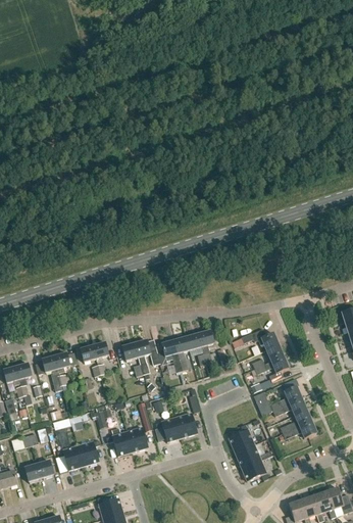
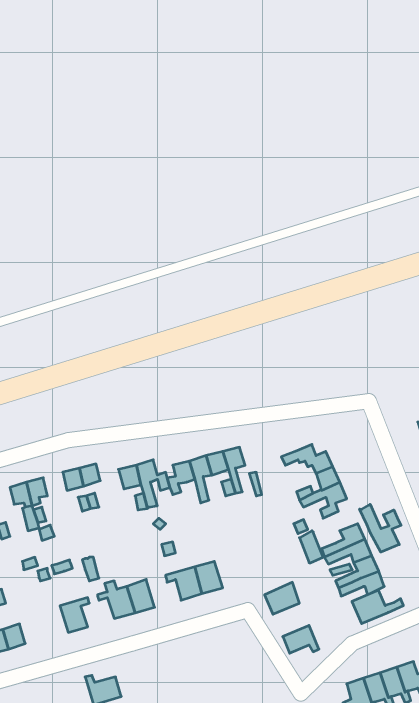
building: none -> [360,504,401,552]
building: [235,443,272,468] -> [352,590,403,624]
building: [57,445,85,470] -> none

